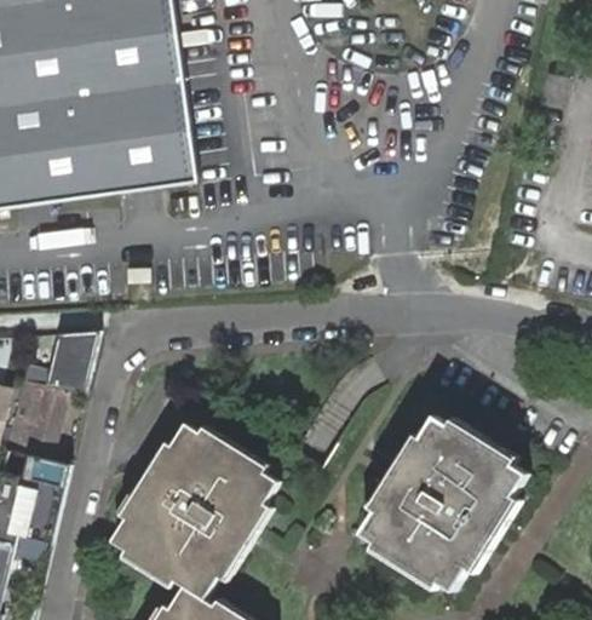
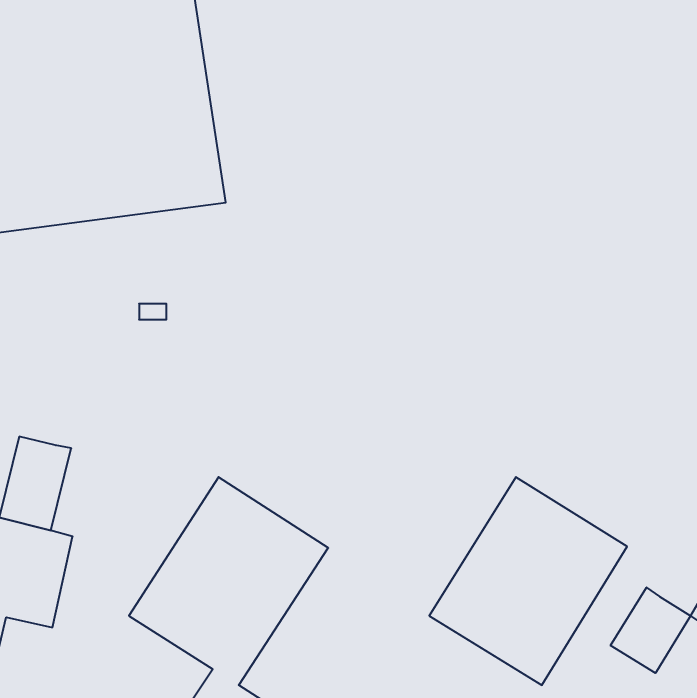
building: [50,332,96,395] -> none
building: none -> [611,587,691,673]

